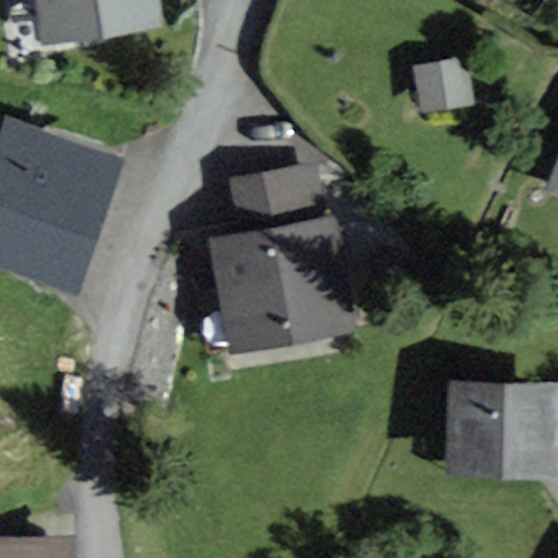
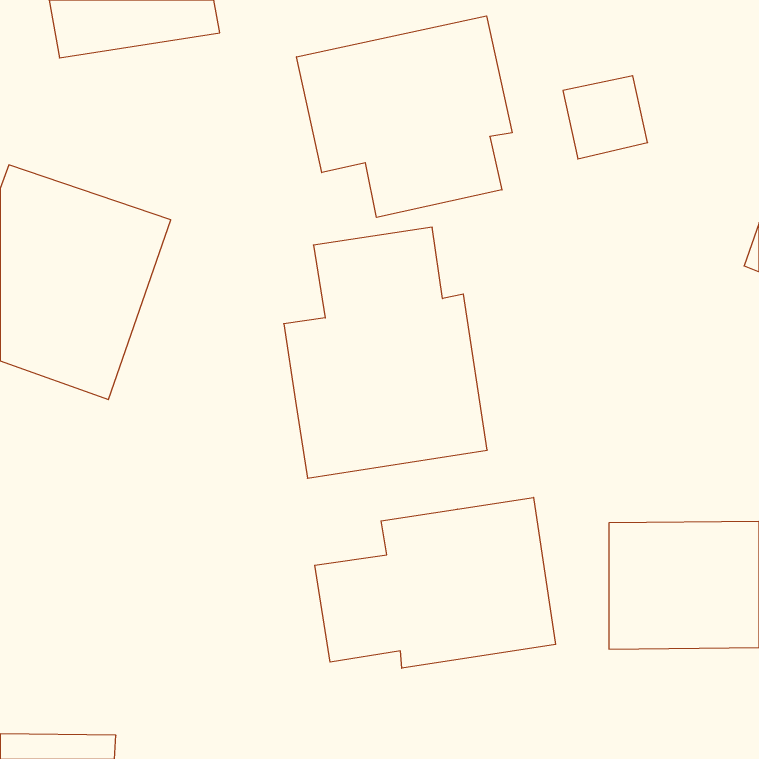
building: none -> [297,16,512,217]
building: none -> [315,497,556,668]

